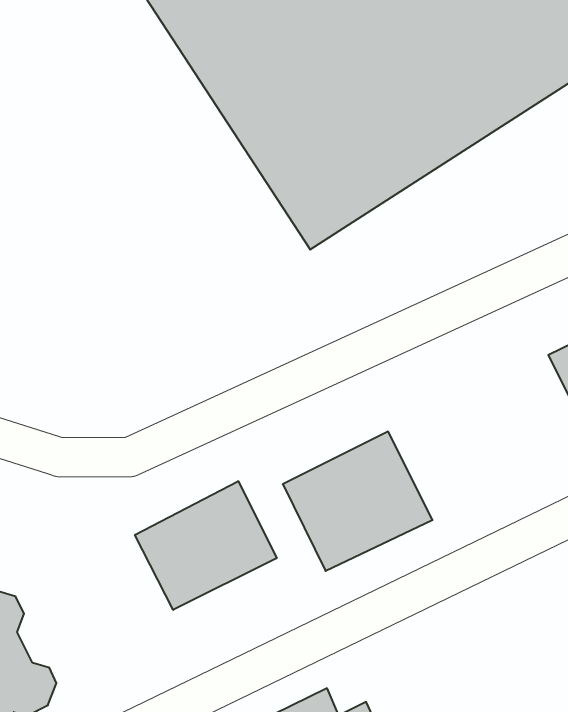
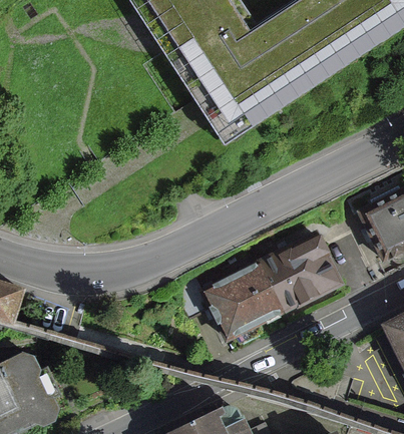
building: none -> [260,228,345,309]
building: [135,481,277,610] -> none

